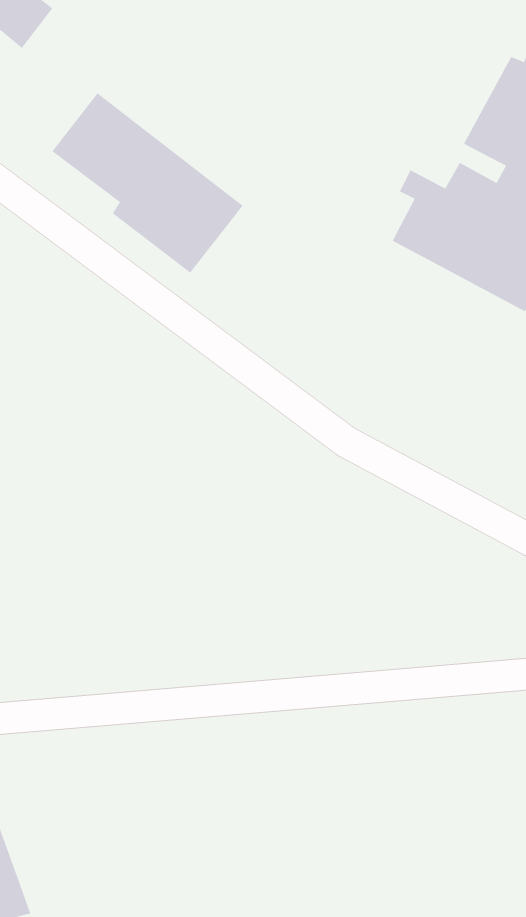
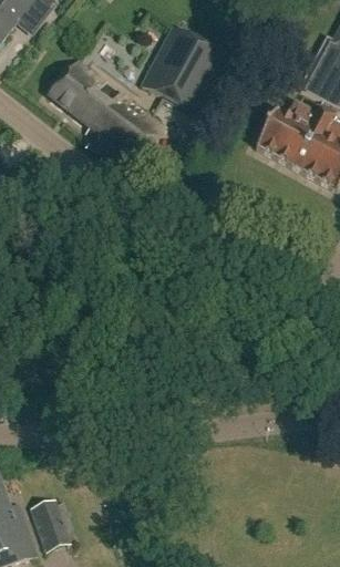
building: none -> [141,24,225,111]
building: none -> [29,498,68,550]

